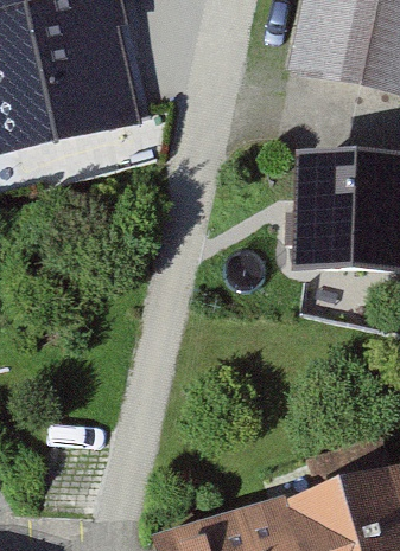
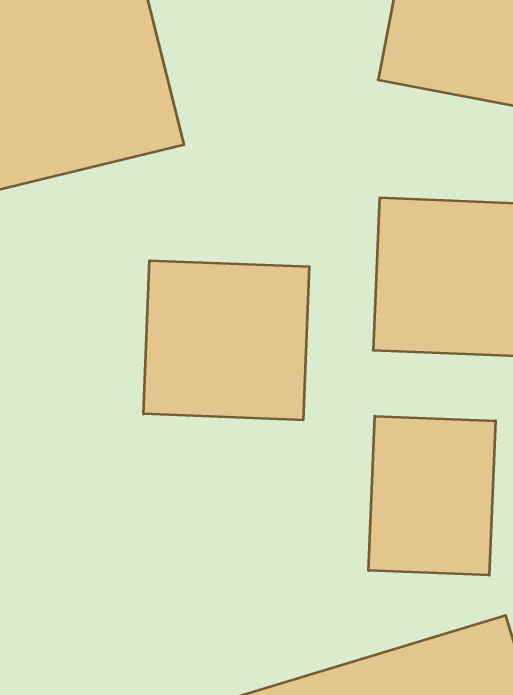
building: none -> [143,261,309,420]
building: none -> [369,416,496,575]

